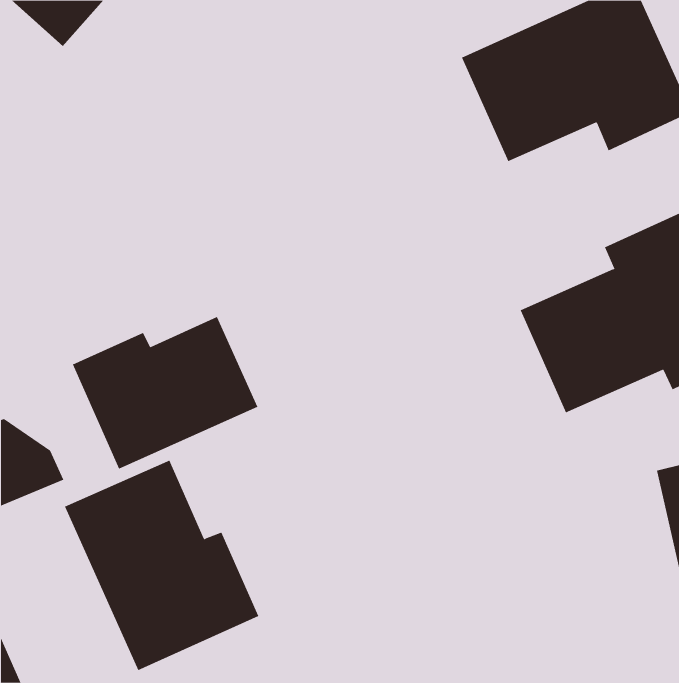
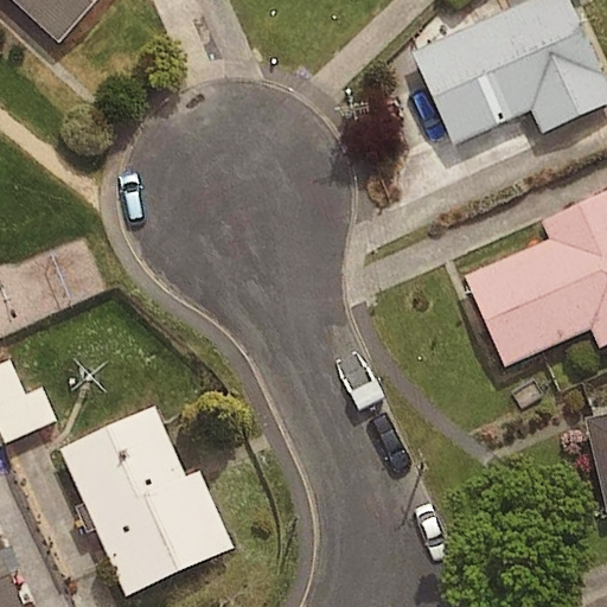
building: [72,316,258,469] -> none

